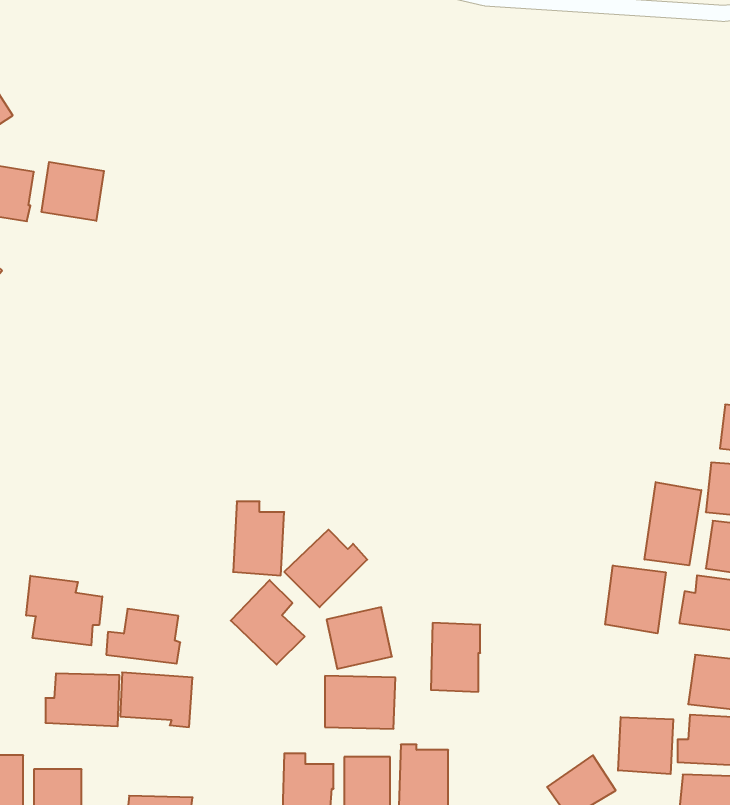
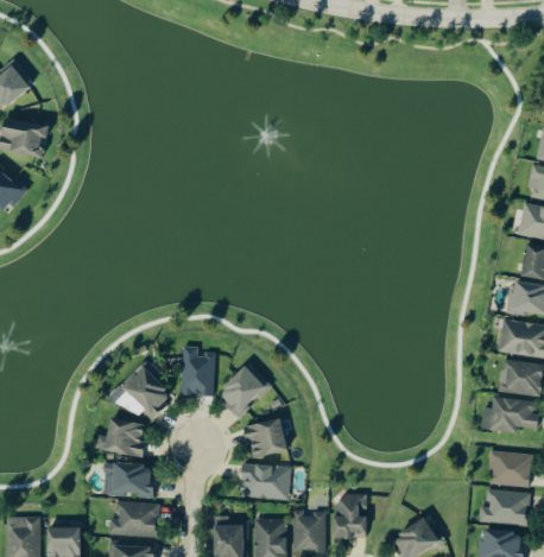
building: [42,162,104,221] -> none
building: [645,482,701,565] -> none
building: [605,565,666,633] -> none
building: [26,576,102,645] -> none
building: [231,580,305,665] -> [122,361,172,418]
building: [431,623,480,692] -> [334,493,367,539]
building: [45,673,119,726] -> [109,502,159,538]
building: [618,717,673,774] -> none

